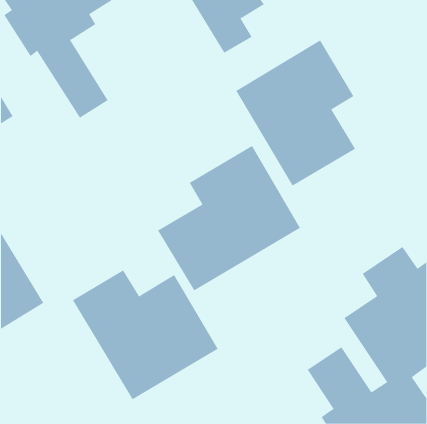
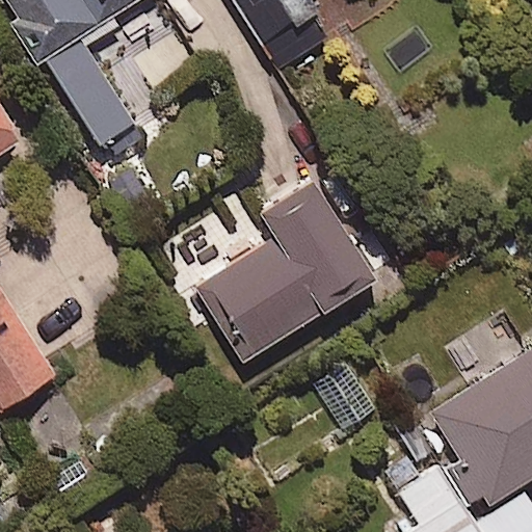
building: [235,39,356,186] -> none
building: [72,269,218,400] -> none

